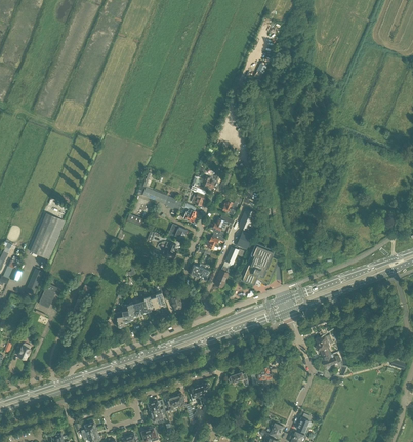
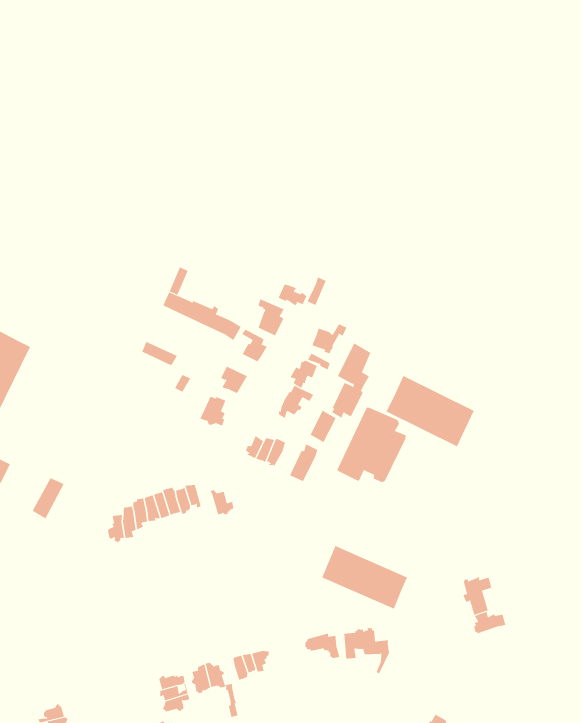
building: none -> [386,375,475,447]
building: none -> [322,545,408,610]

